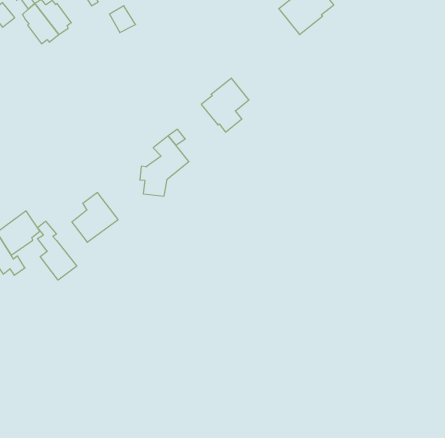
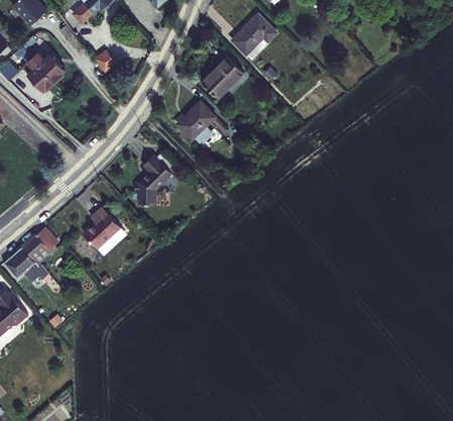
building: none -> [202,57,242,97]
building: [37,221,77,280] -> none

